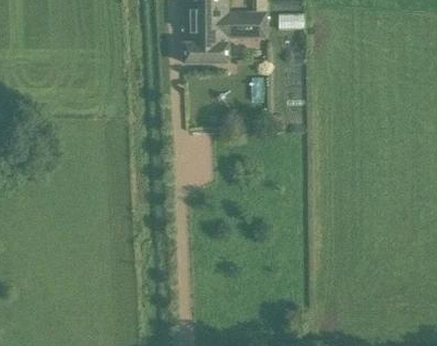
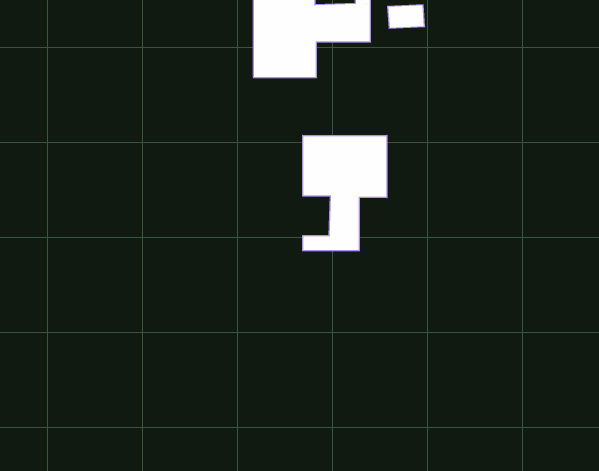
building: none -> [303,135,387,251]

